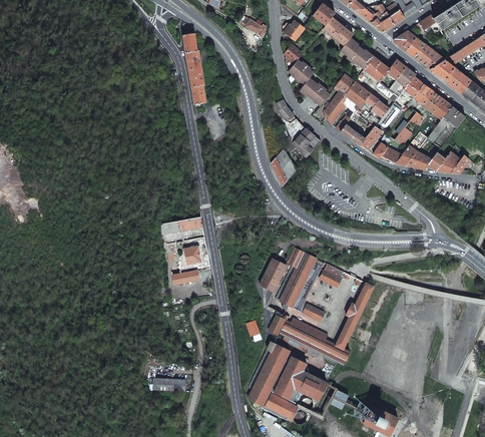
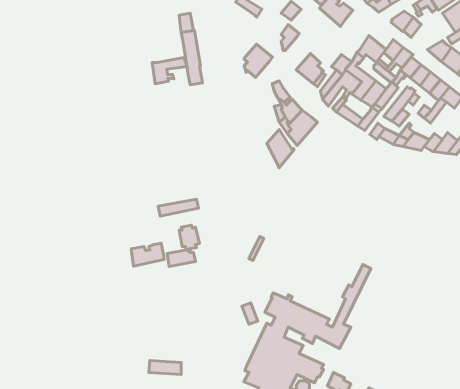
building: [340,39,372,69] -> none
building: [414,44,445,69] -> none
building: [289,56,317,89] -> [244,44,273,77]
building: none -> [152,57,187,84]
building: [260,248,344,322] -> none
building: none -> [131,243,164,266]

